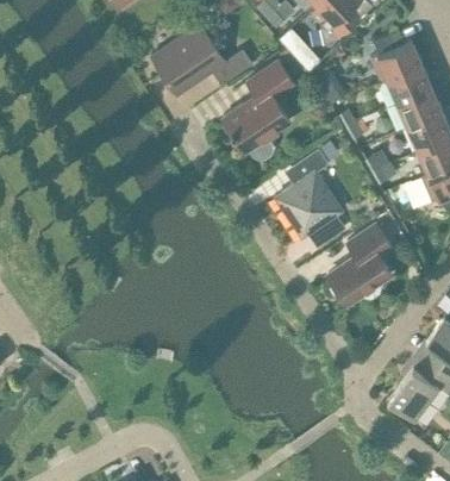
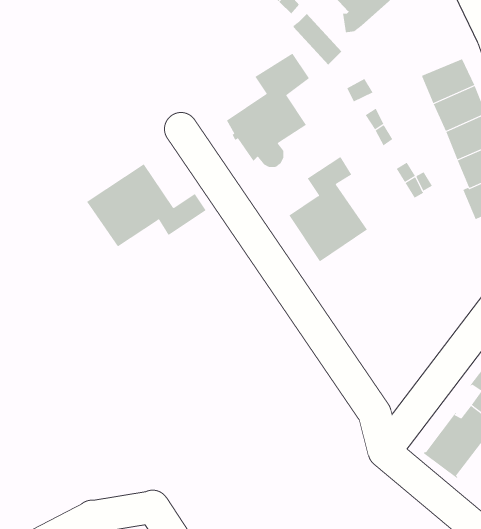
building: [151,25,252,95] -> [86,164,206,247]
building: [370,31,421,85] -> none
building: [327,223,392,305] -> none

